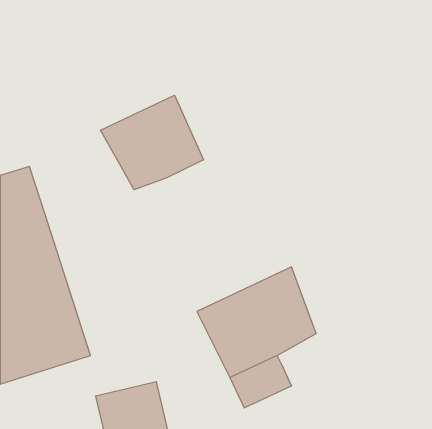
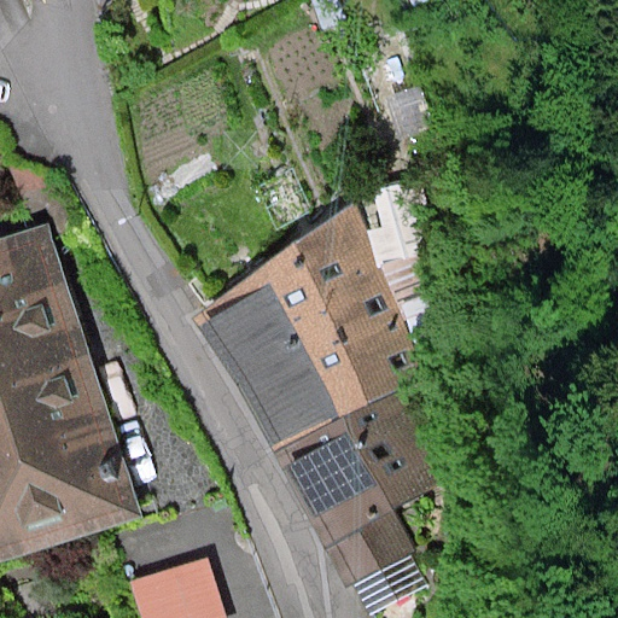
building: [100,95,204,190] -> none
building: none -> [206,212,416,449]

